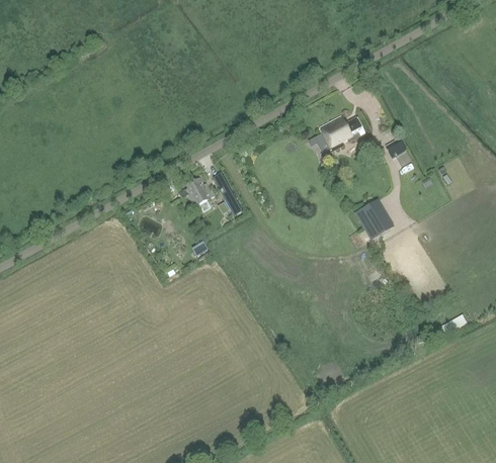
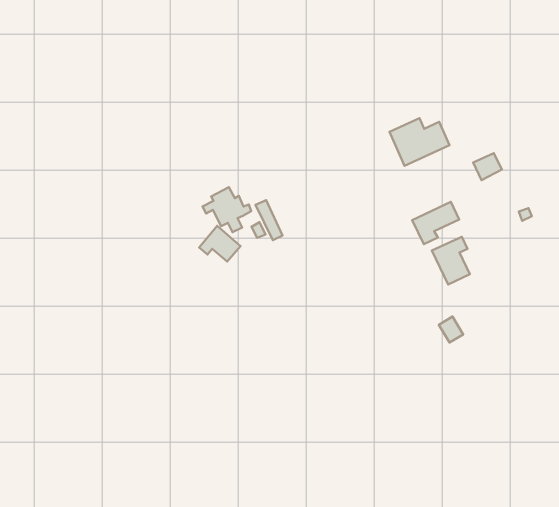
building: none -> [412,202,459,244]
building: none -> [199,226,241,262]

